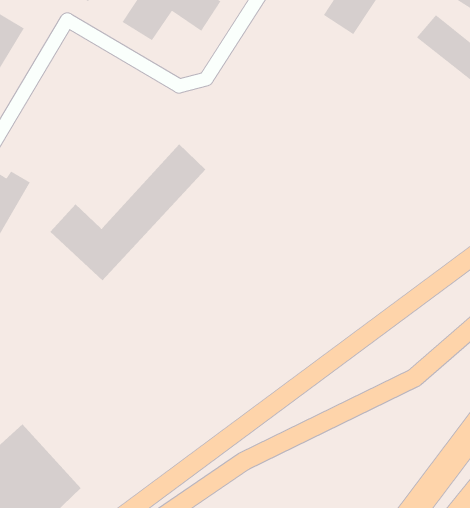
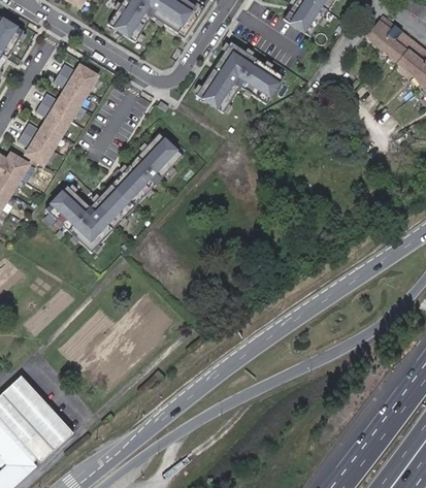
building: none -> [197,43,284,113]
building: none -> [18,63,96,165]

